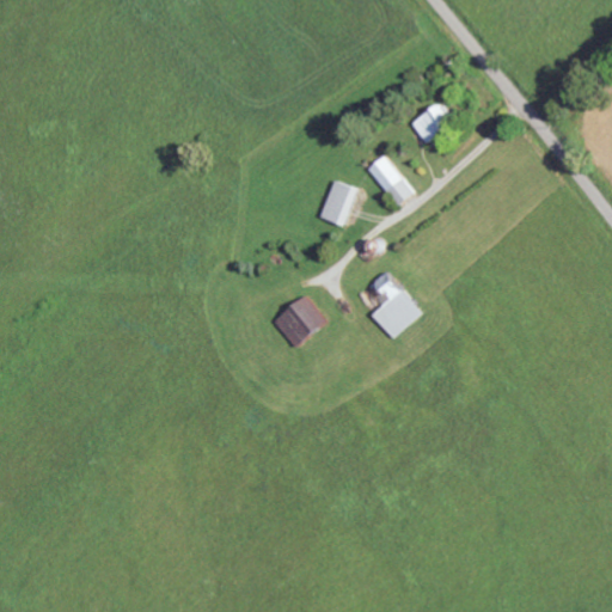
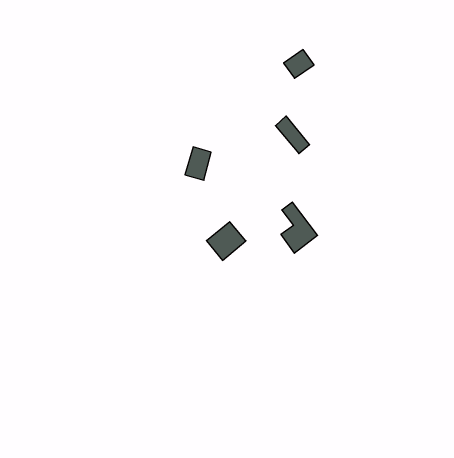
building: [412,104,453,142] -> [284,50,314,78]
building: [319,179,354,224] -> [185,147,211,180]

